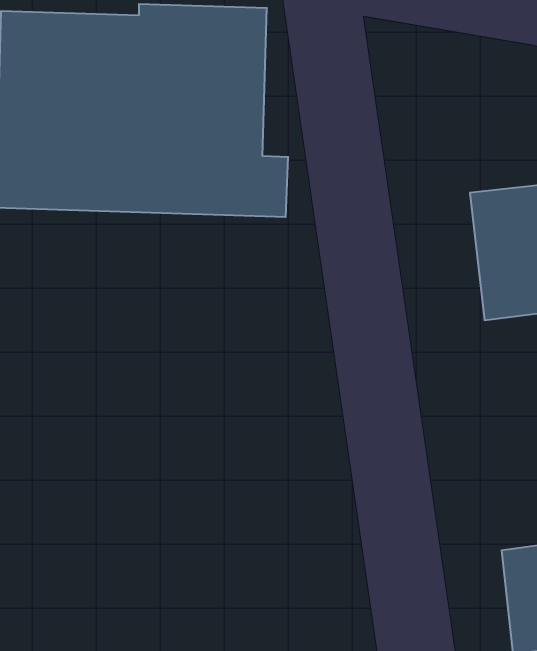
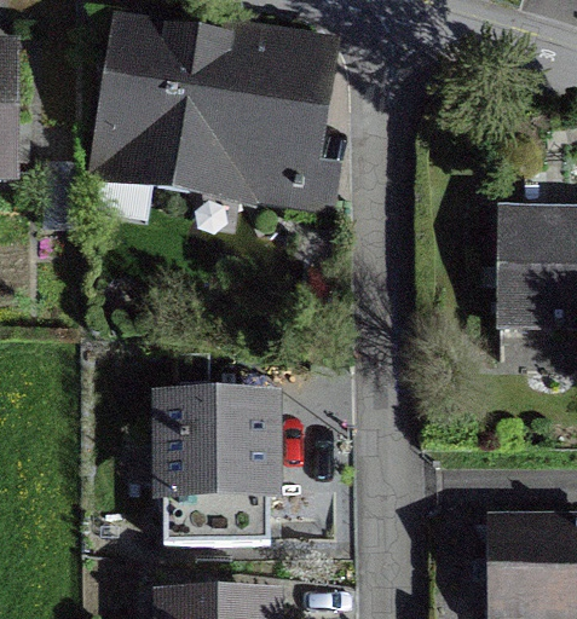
building: none -> [150,388,283,542]

